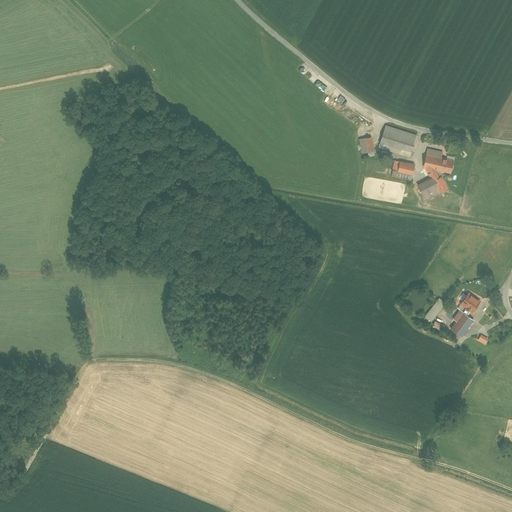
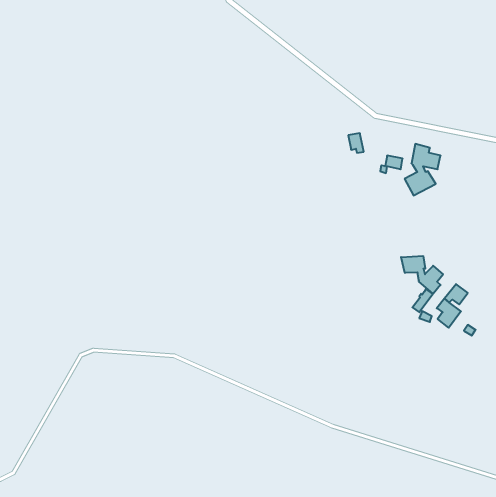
building: [378,124,417,158] -> none
building: none -> [401,256,443,294]

